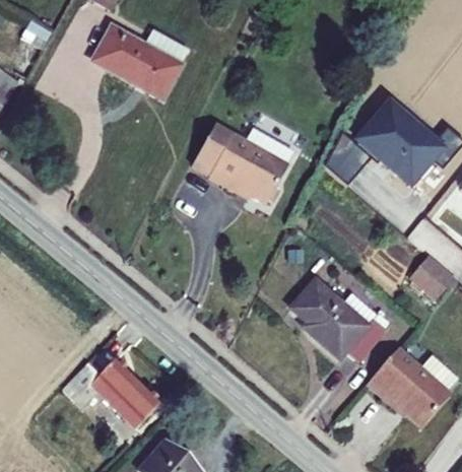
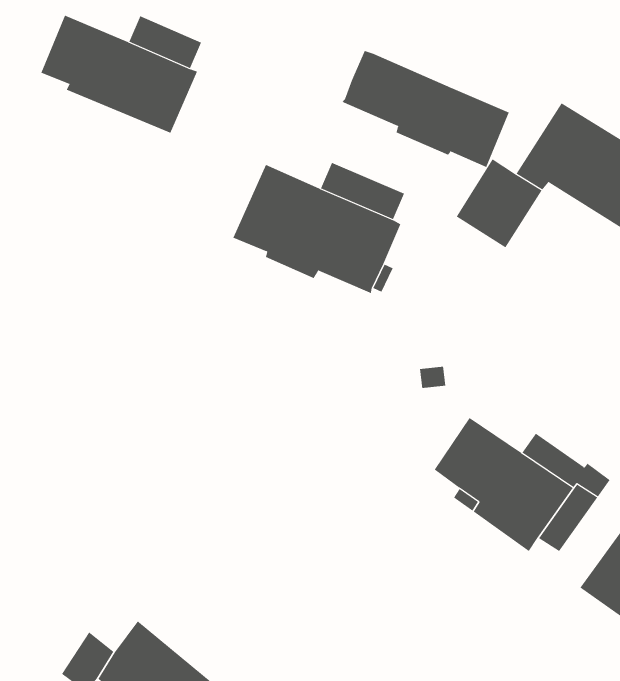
building: none -> [342,50,509,168]

